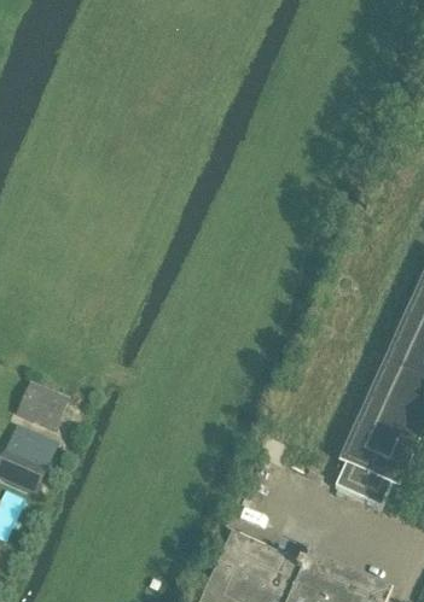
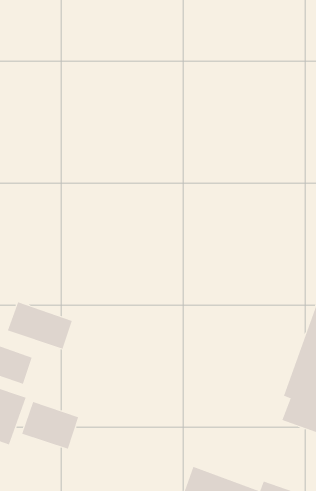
building: none -> [7,301,73,349]
building: none -> [21,401,79,449]

